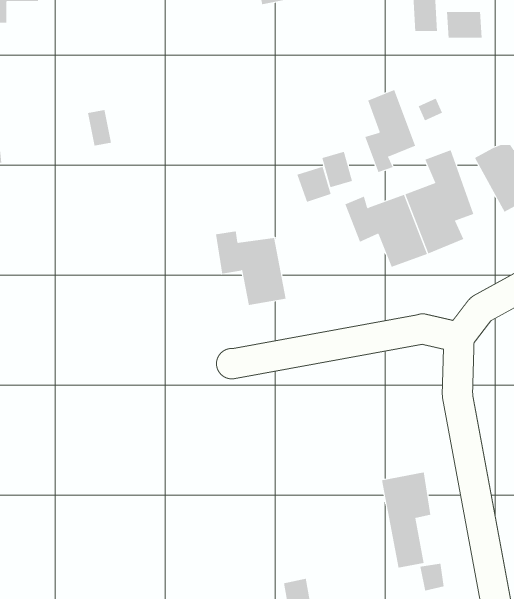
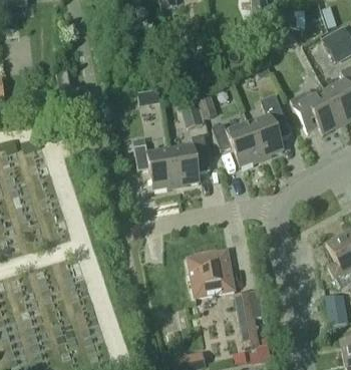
building: [365,89,416,173] -> none
building: none -> [169,134,210,184]
building: none -> [188,250,234,296]

